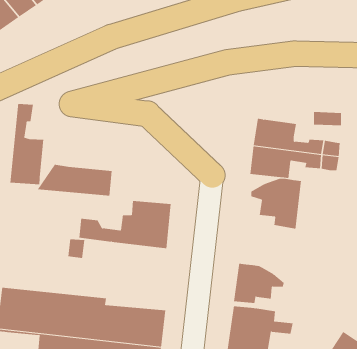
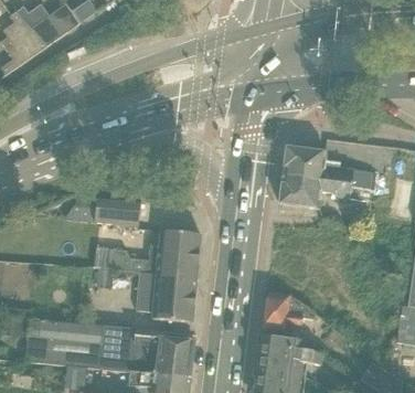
building: [10,103,44,185] -> none
building: [251,178,302,229] -> none
building: none -> [137,272,196,322]

